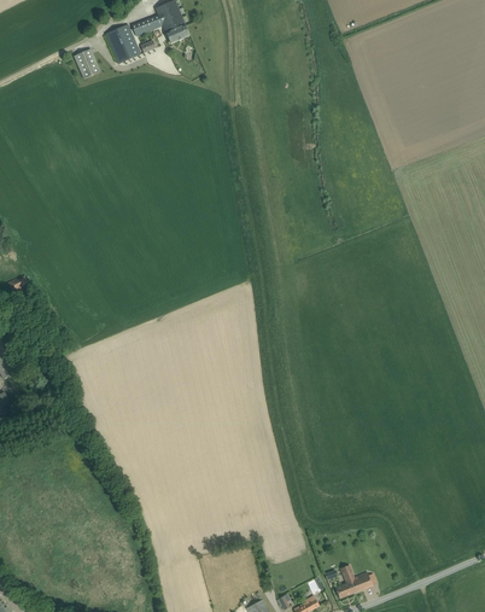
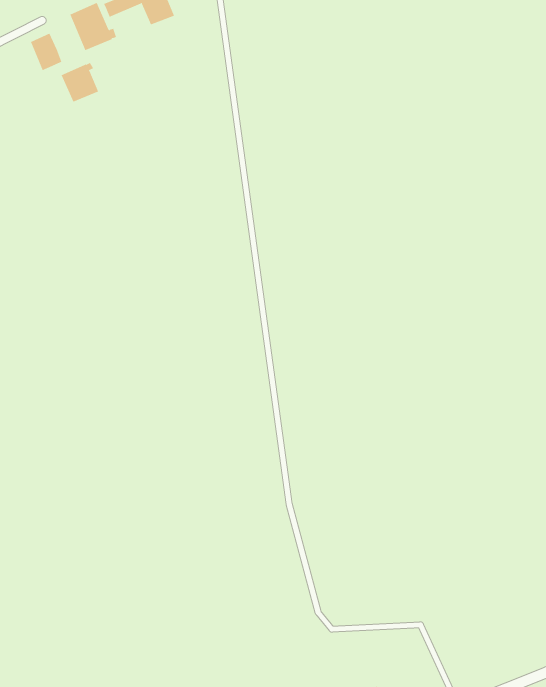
building: none -> [61,62,99,103]

